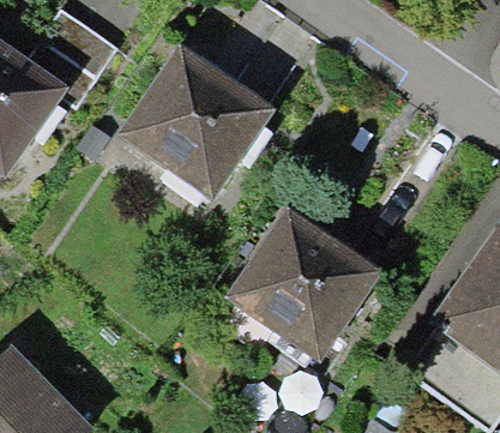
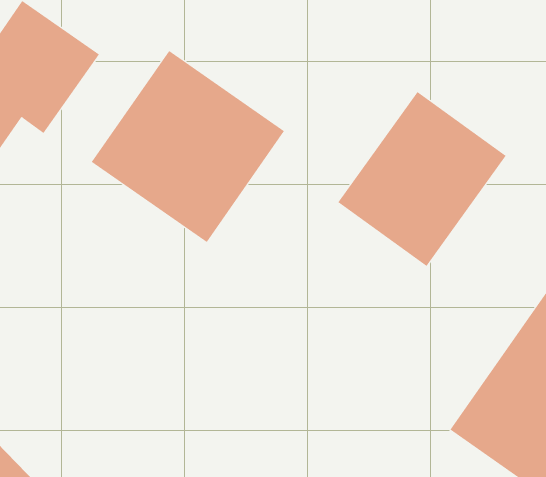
building: none -> [337,91,507,267]
building: [225,209,385,366] -> none

